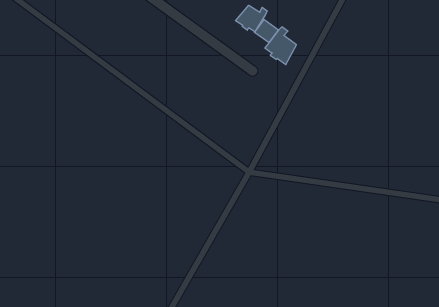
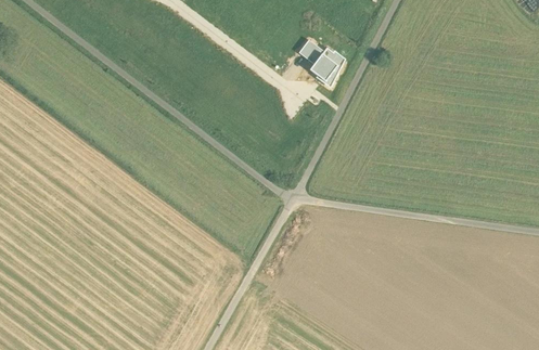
building: [235,5,267,32] -> none

